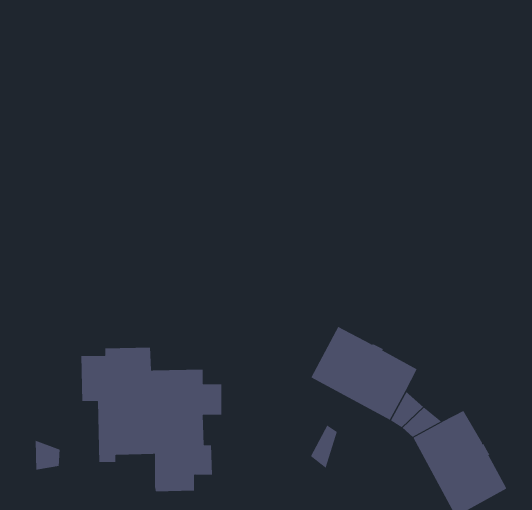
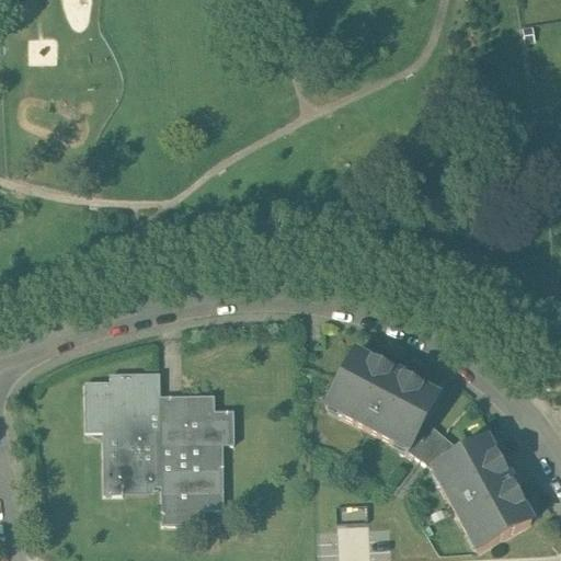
building: [310,425,337,469] -> none
building: [35,440,60,471] -> none

